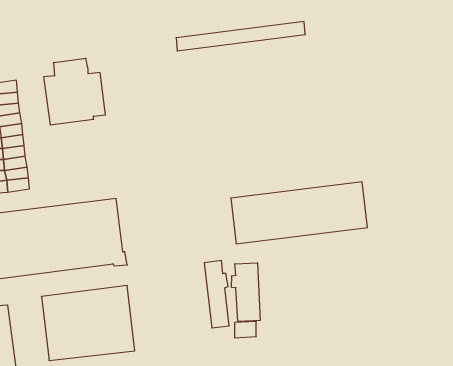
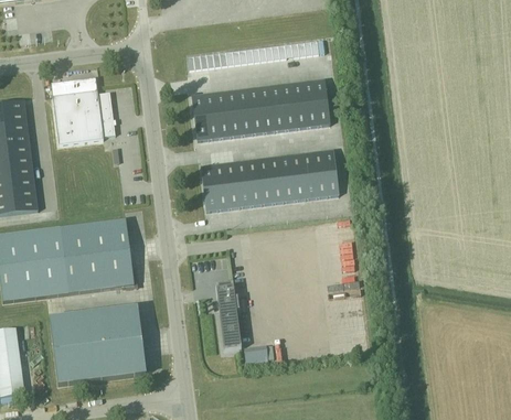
building: none -> [191,78,329,139]
building: [231,182,367,244] -> [200,149,339,212]
building: [232,263,260,321] -> none

